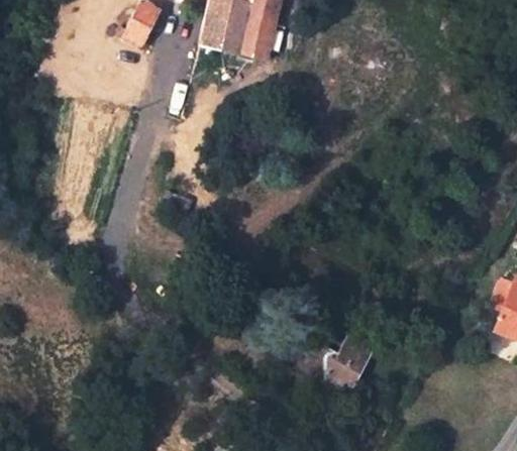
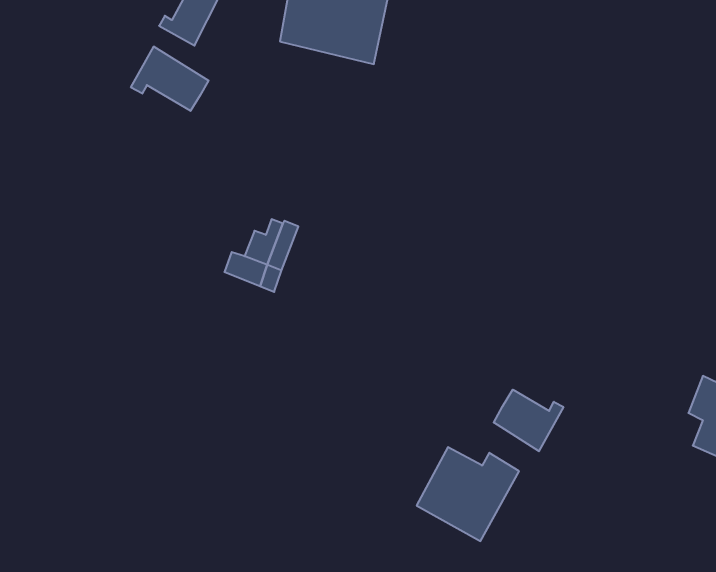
building: none -> [131,46,209,111]
building: none -> [494,390,563,451]

